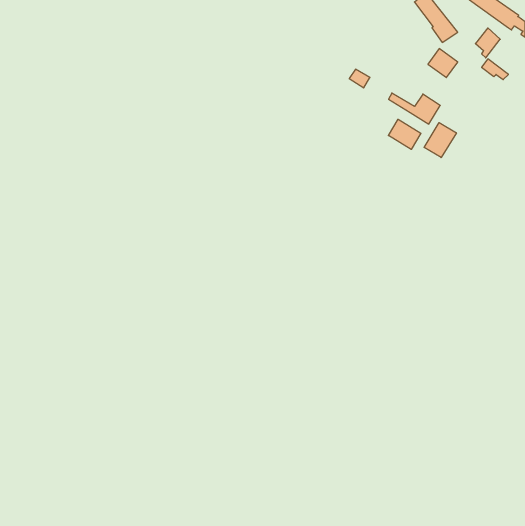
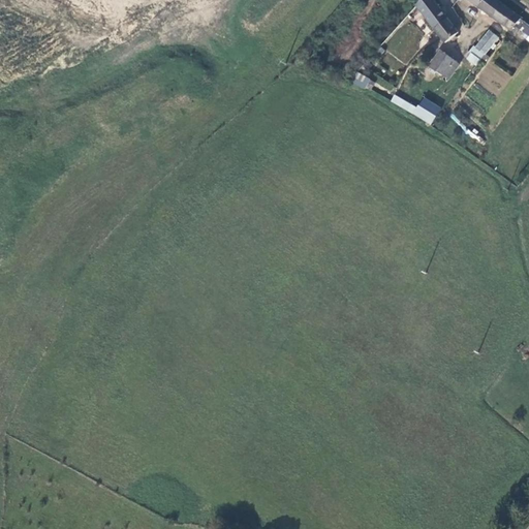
building: [388,119,421,149] -> none
building: [424,123,456,158] -> none

